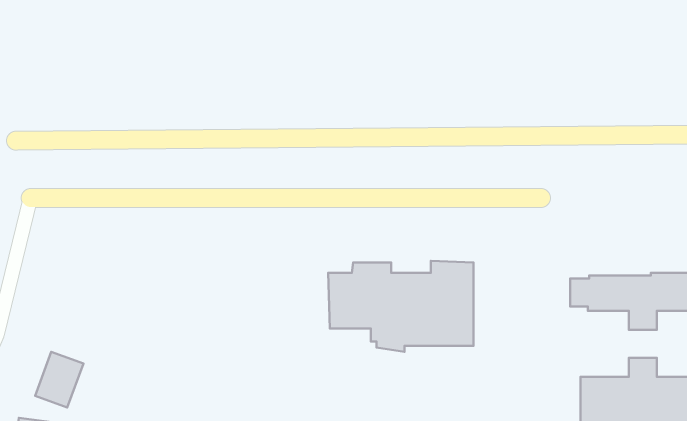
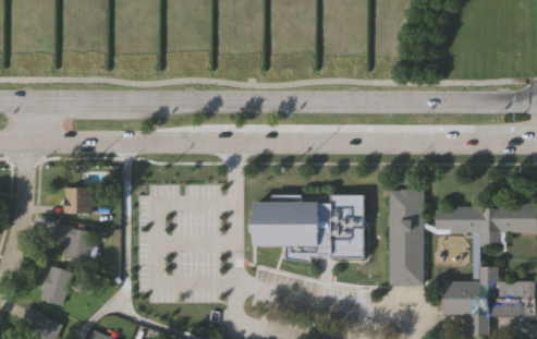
building: none -> [64,186,91,213]
building: none -> [388,191,423,284]
building: none -> [58,225,93,261]

